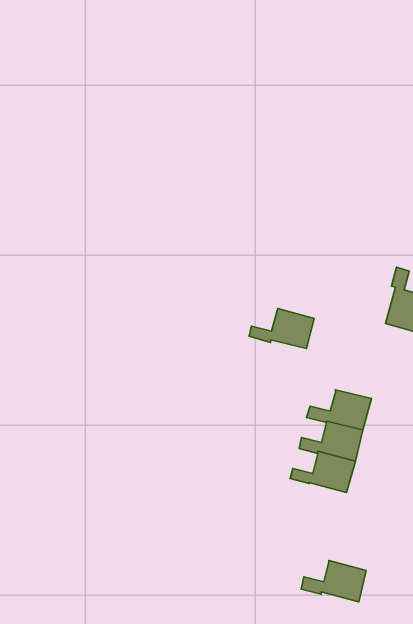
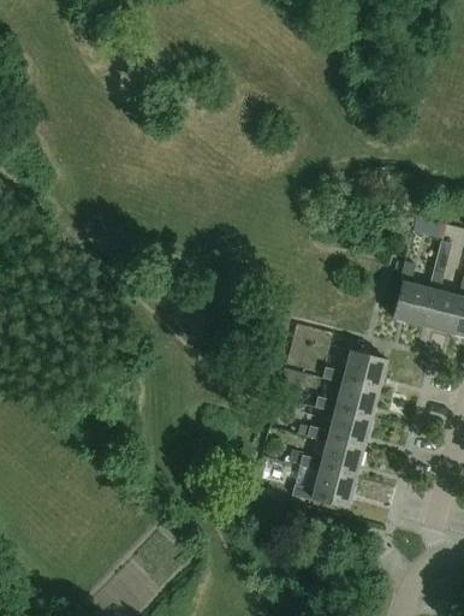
building: [249,309,314,349] -> [323,349,386,387]
building: [301,561,366,602] -> [292,468,355,508]

